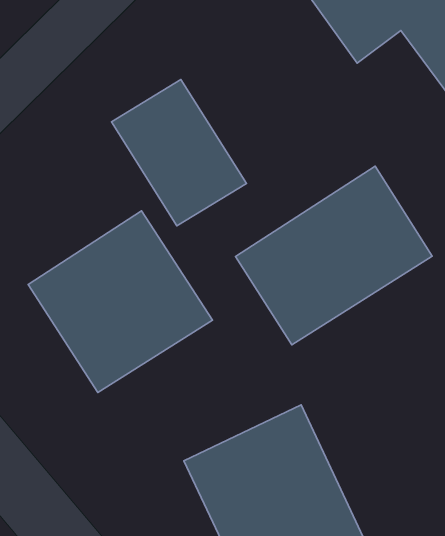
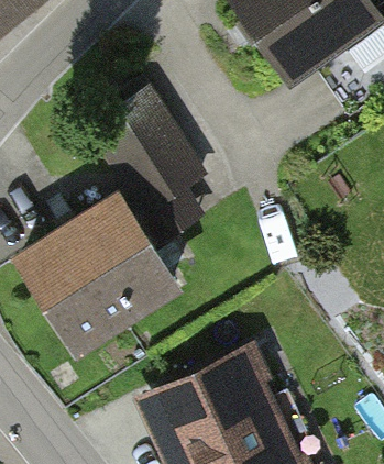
building: [236,166,432,345] -> none

